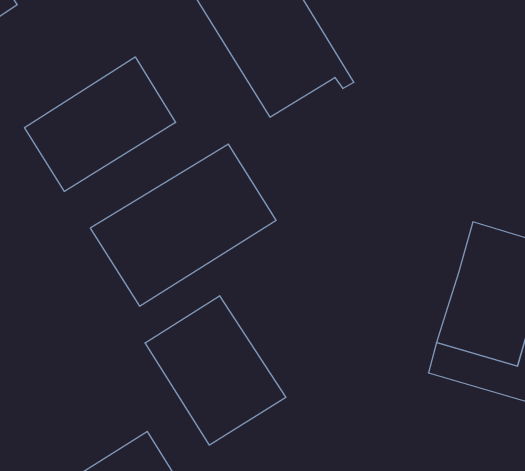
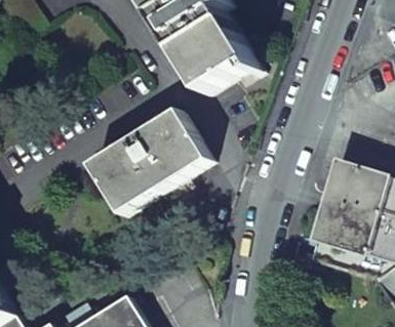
building: [25,57,176,191] -> none
building: [145,296,286,445] -> none

